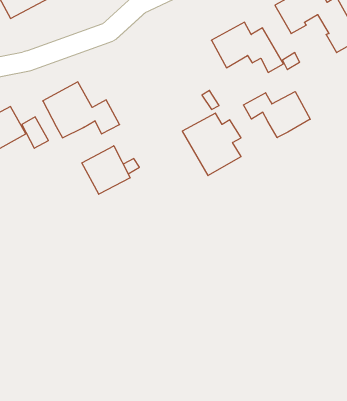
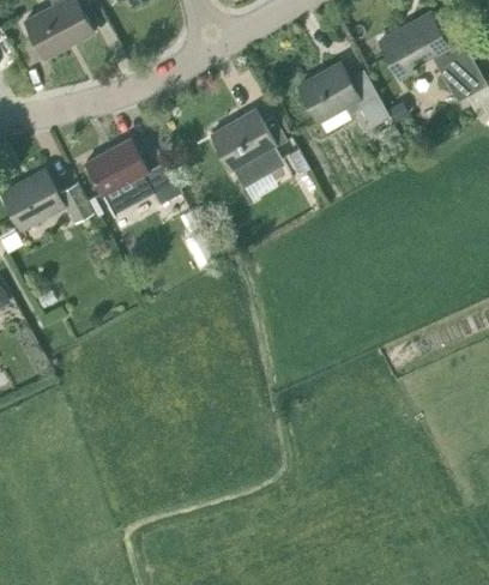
building: [243,92,310,138] -> none
building: [182,113,241,176] -> [211,110,285,189]
building: [82,146,130,194] -> none

